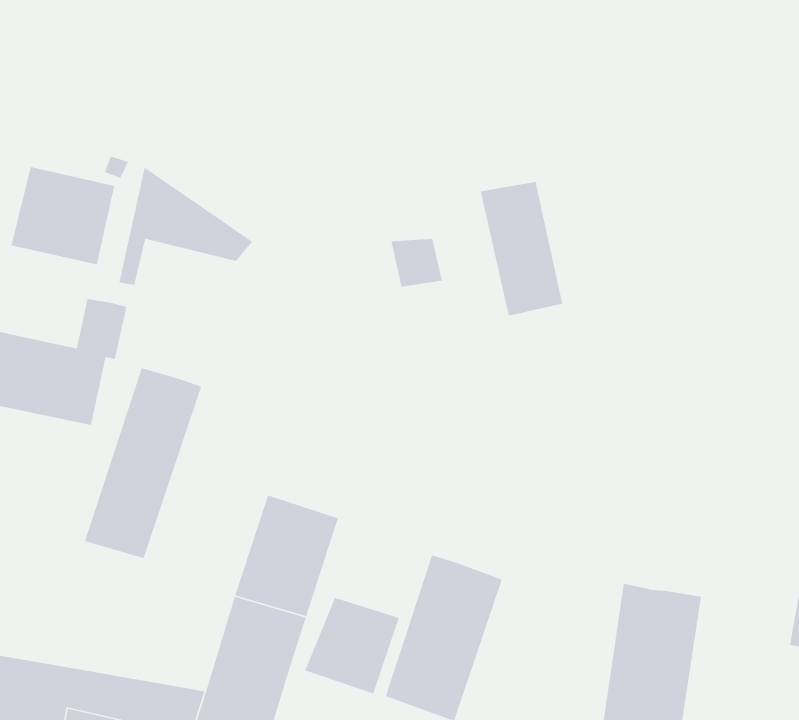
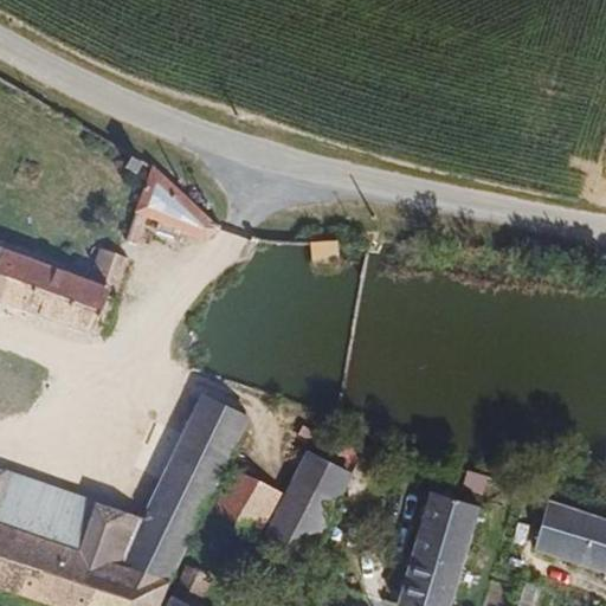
building: [11,166,115,265] -> none
building: [480,181,563,316] -> none
building: [84,367,202,559] -> none

